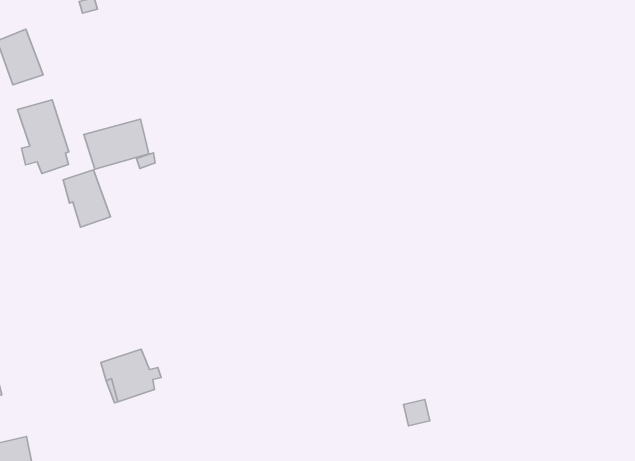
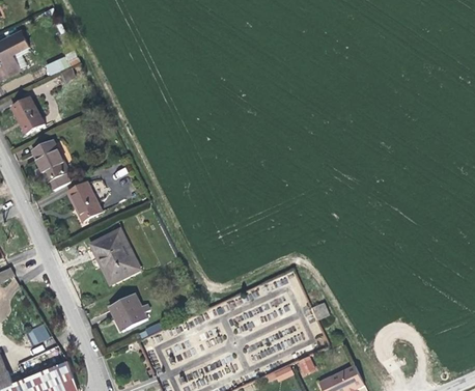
building: [84,119,149,169] -> none
building: none -> [89,229,134,282]

